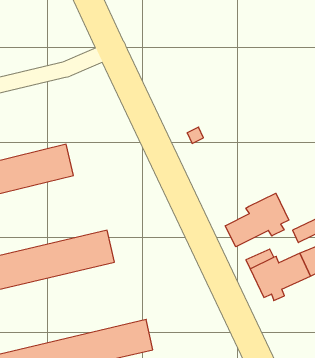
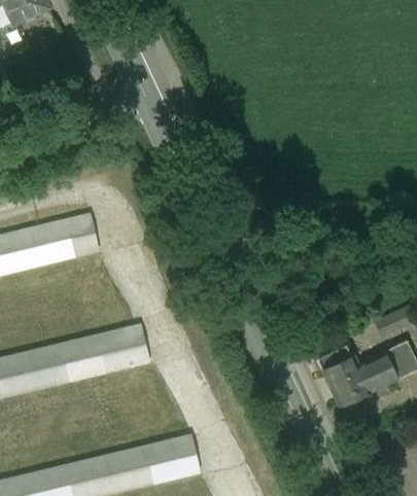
building: [225,193,289,247] -> none

